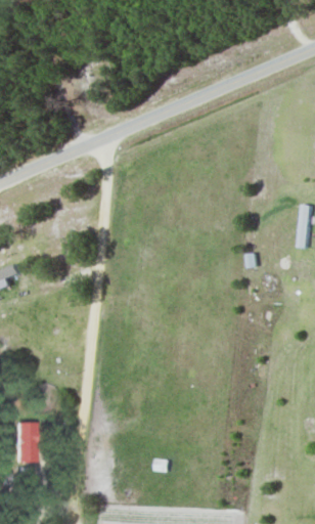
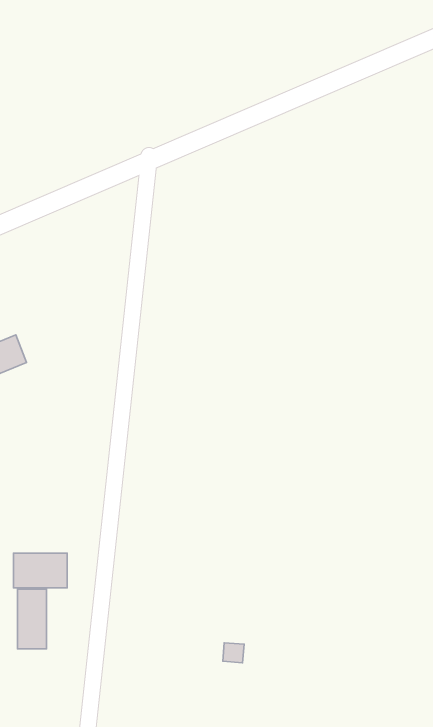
building: none -> [13,553,67,588]

